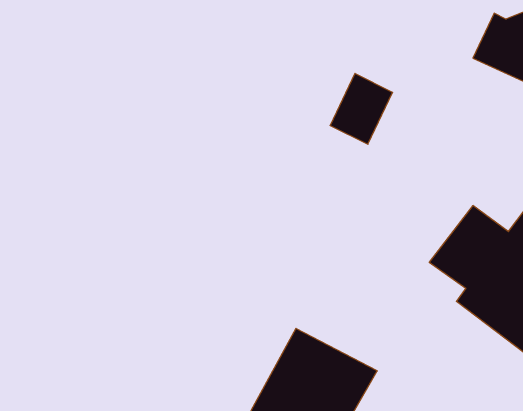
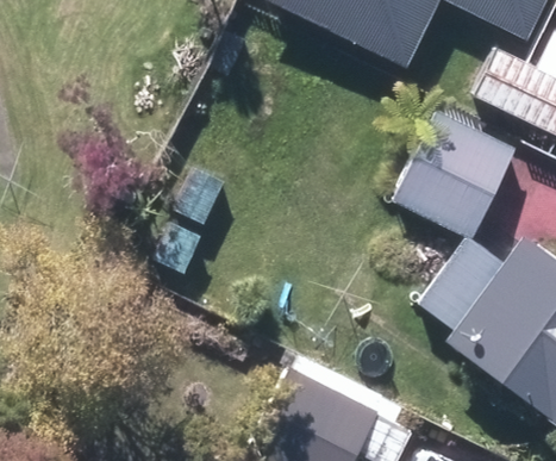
building: none -> [405,120,524,242]

